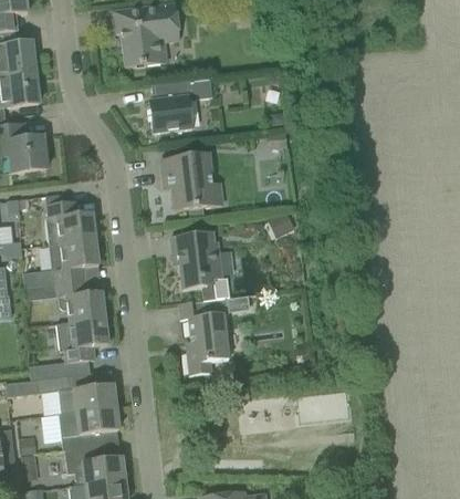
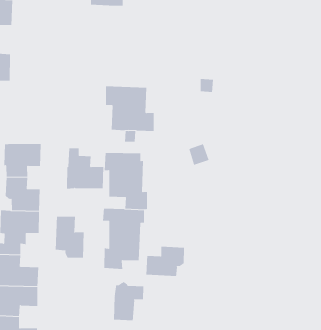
building: [149,77,213,133] -> none
building: [45,194,94,245] -> [66,148,104,189]
building: none -> [55,216,84,258]
building: none -> [146,246,184,277]
building: none -> [114,281,144,321]

